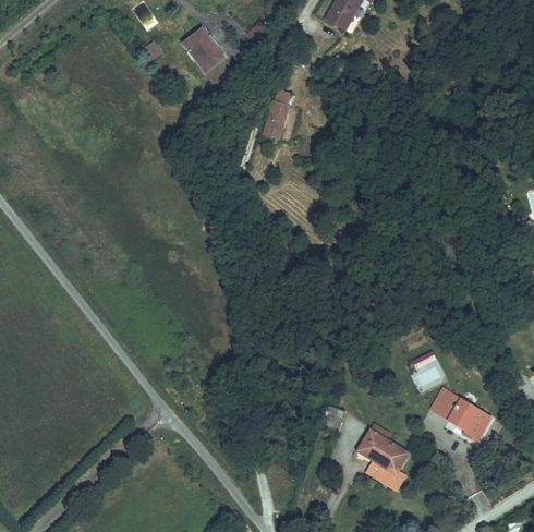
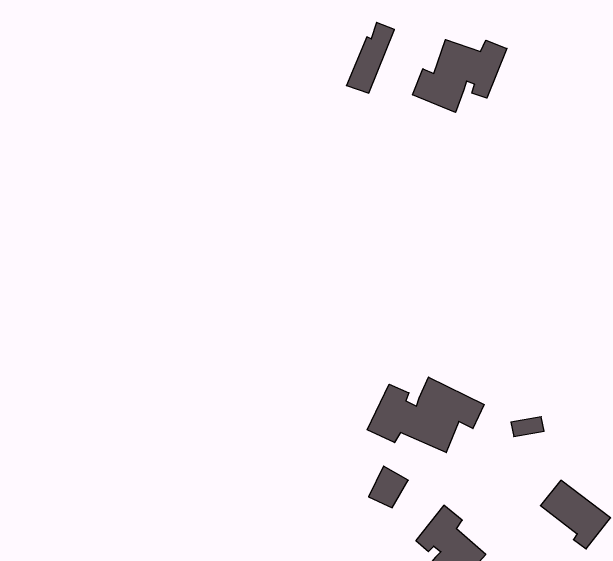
building: none -> [413,40,507,112]
building: none -> [367,377,484,453]

